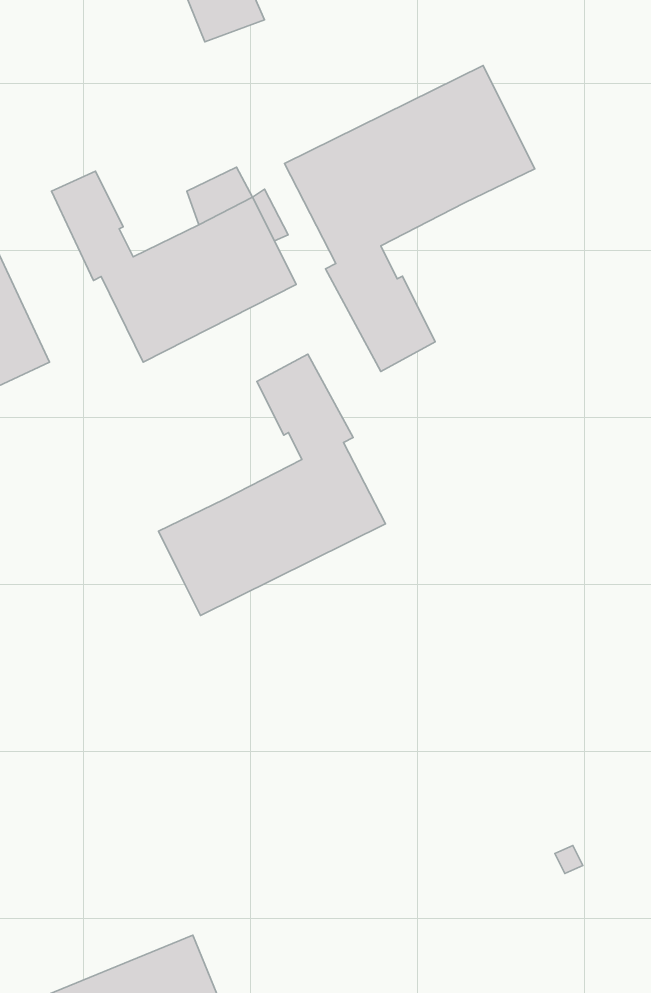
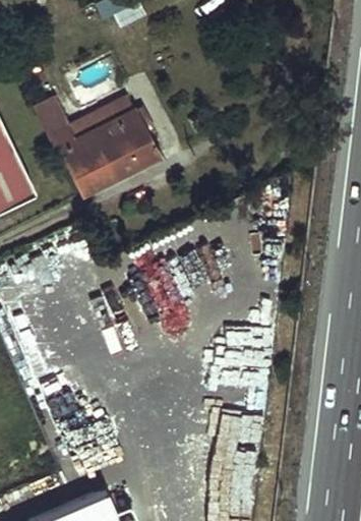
building: [284,65,535,372] -> none
building: [158,354,386,615] -> none

